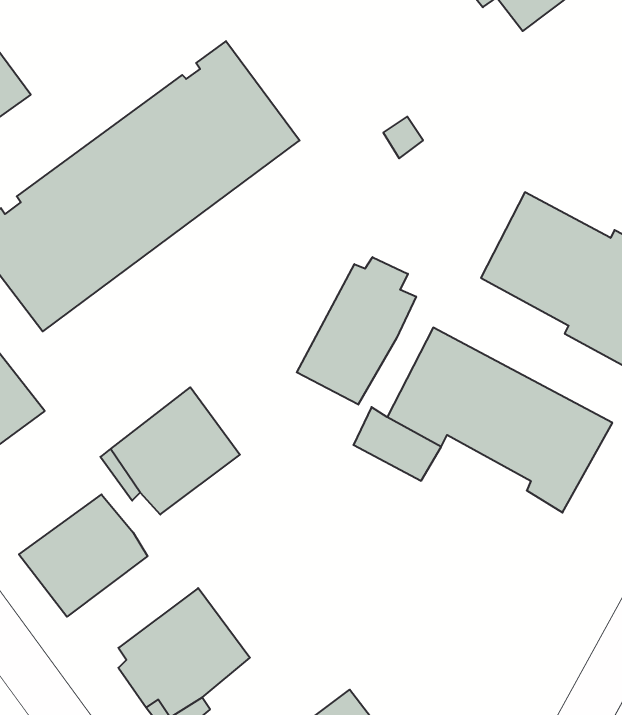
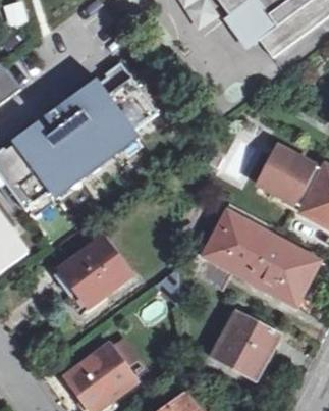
building: [297,257,416,405] -> none
building: [19,494,148,617] -> none
building: none -> [211,308,285,378]

